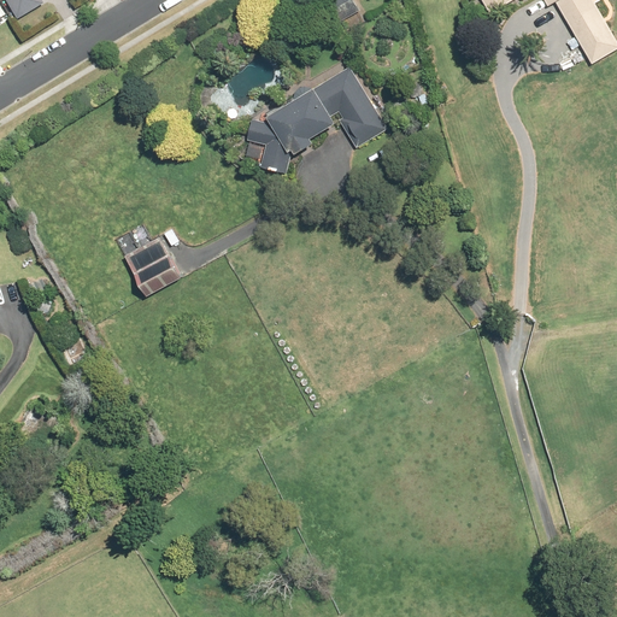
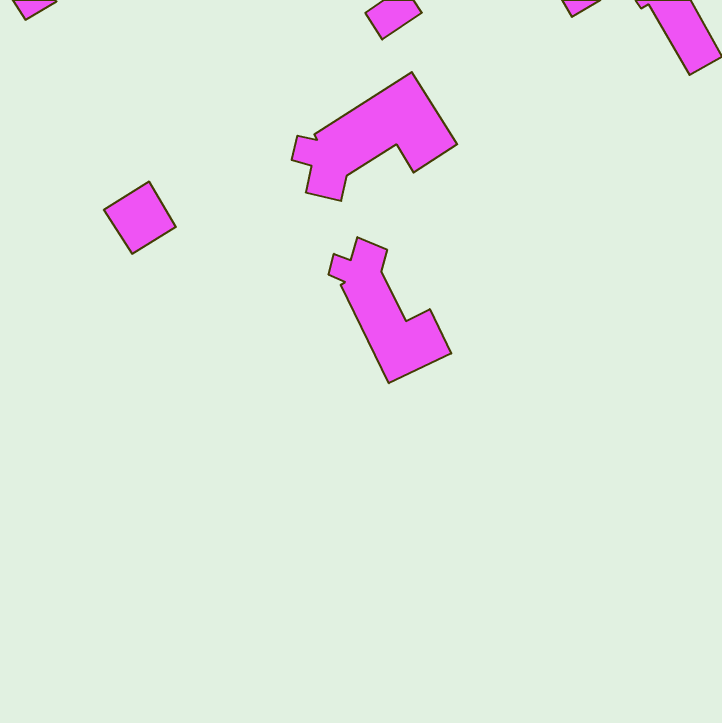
building: none -> [329,237,451,383]
building: [127,231,188,293] -> [104,182,176,254]

